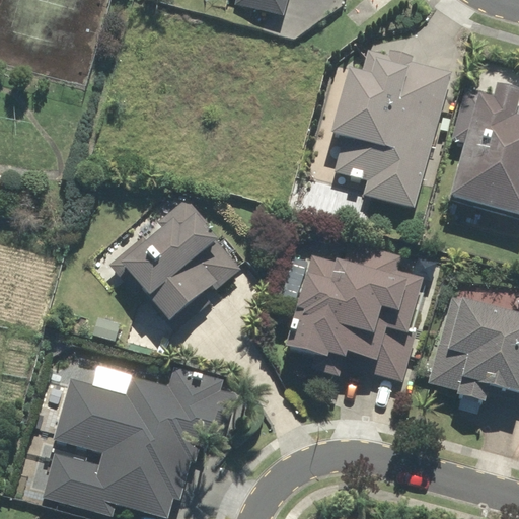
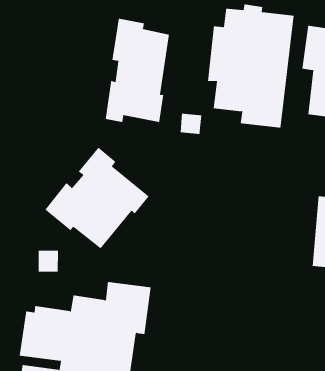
building: none -> [105,18,169,123]
building: [285,249,427,384] -> none

